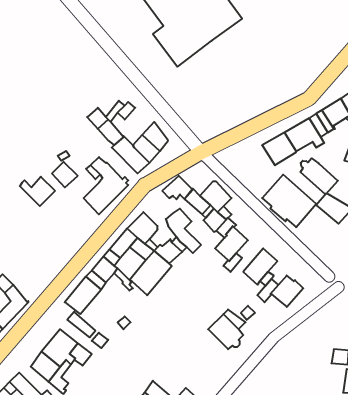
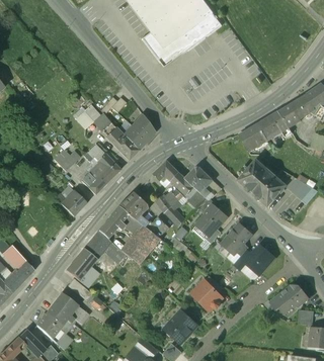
building: [300,158,338,194] -> none
building: [20,177,55,206] -> [58,190,88,215]
building: none -> [269,285,307,312]
building: none -> [163,310,195,343]

